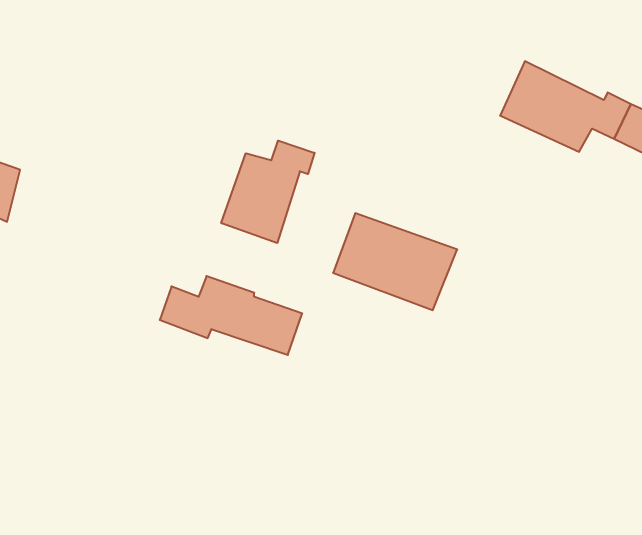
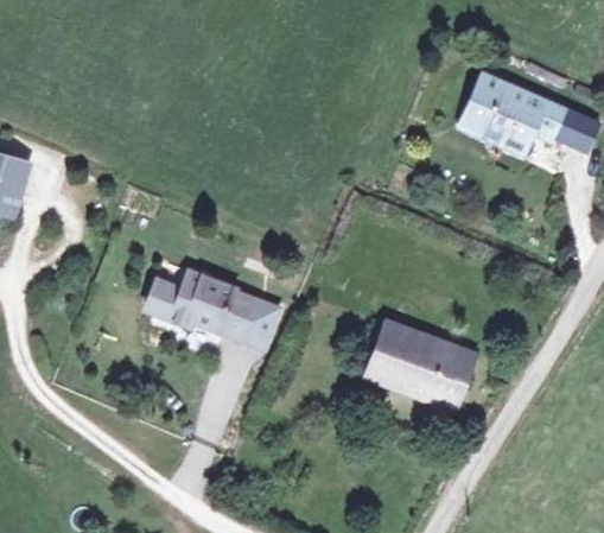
building: [221,141,315,243] -> none
building: [333,213,457,310] -> [361,323,475,412]

